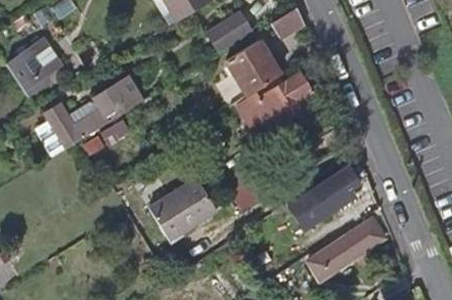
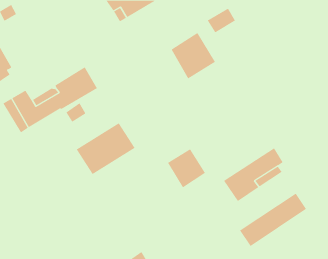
building: [211,11,256,50] -> none
building: [246,66,317,129] -> none
building: [149,175,217,234] -> [76,123,135,175]

